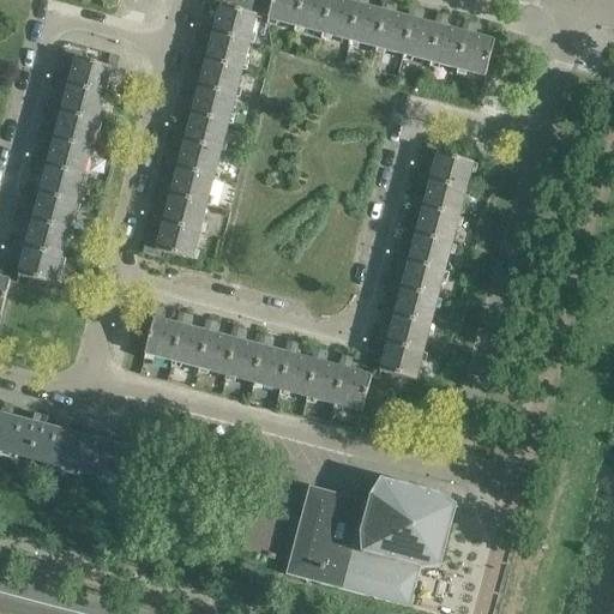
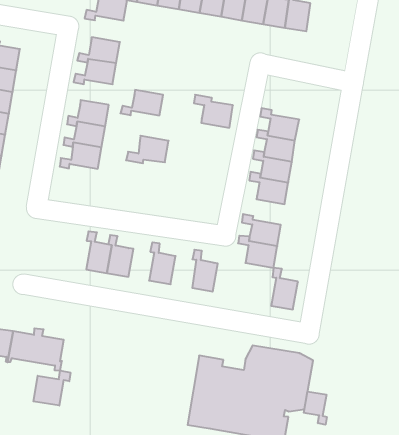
building: [191,31,248,68] -> none
building: [169,113,227,149] -> [120,90,163,115]
building: [422,143,472,189] -> [194,95,233,128]
building: [140,221,198,258] -> [126,136,169,163]
building: [386,279,437,324] -> none
building: [144,302,181,360] -> none
building: [225,325,261,381] -> none
building: [279,339,315,396] -> none
building: [333,354,371,410] -> [271,268,298,309]
building: none -> [33,371,70,406]
building: none -> [304,391,327,425]

